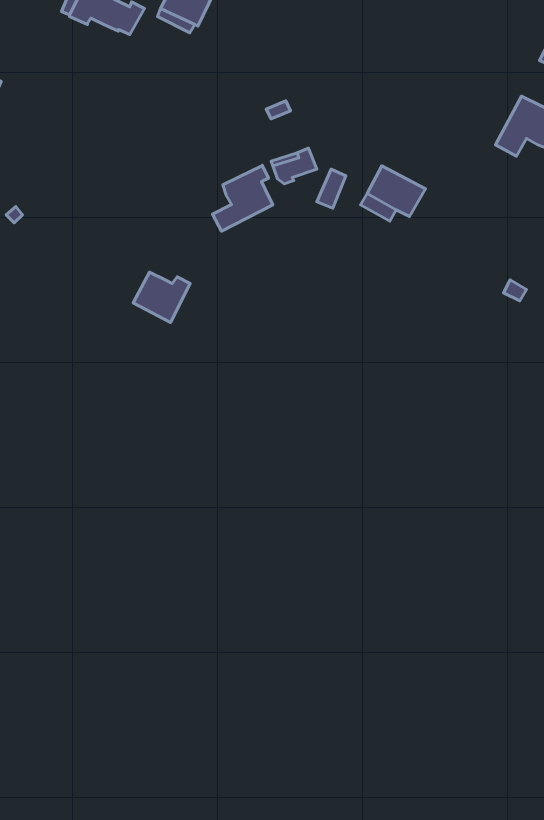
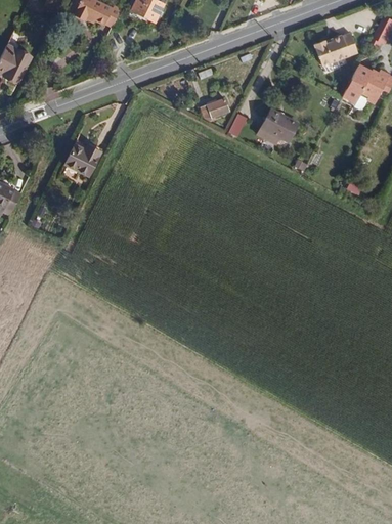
building: none -> [314,32,357,64]
building: [213,165,273,231] -> none
building: [133,272,190,322] -> [64,143,100,175]

